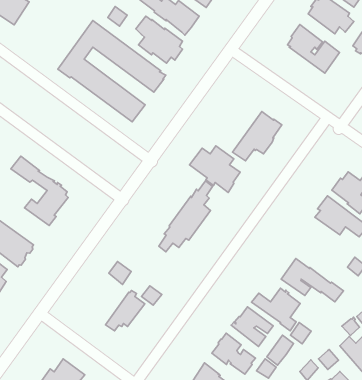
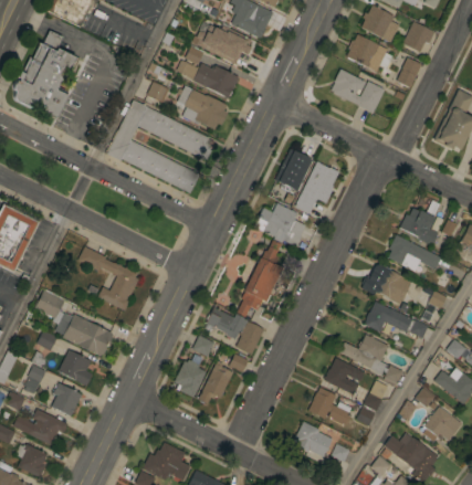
building: none -> [275,149,313,191]
building: none -> [375,267,411,304]
building: none -> [206,307,264,355]
building: none -> [174,354,207,398]

